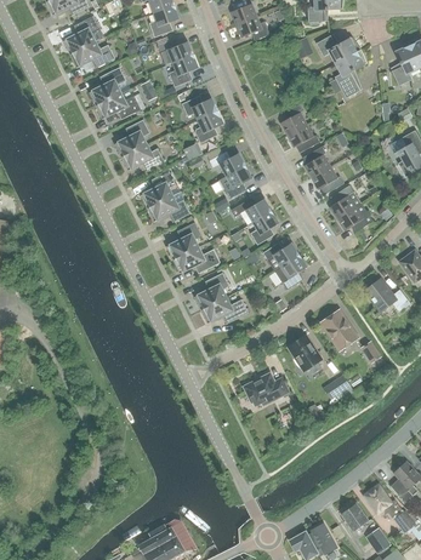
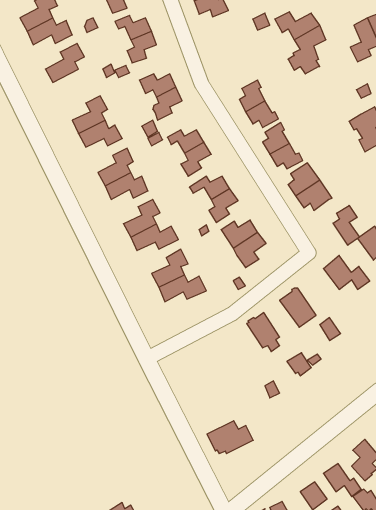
building: [95,92,141,119] -> none
building: none -> [333,205,359,245]
building: [243,372,289,405] -> [207,421,253,454]

